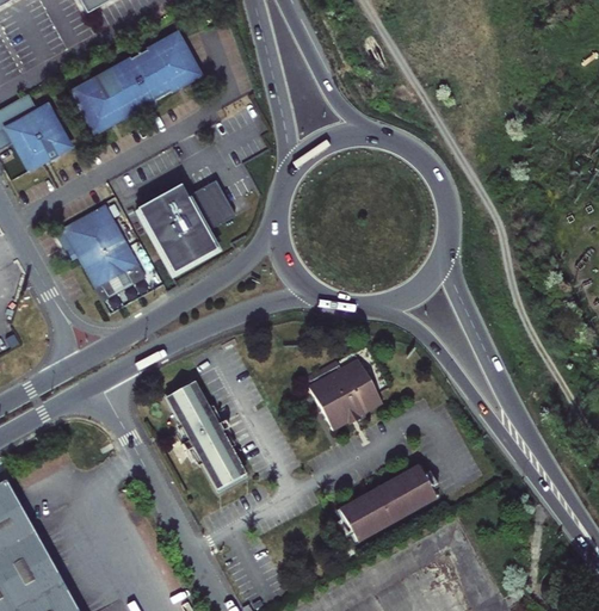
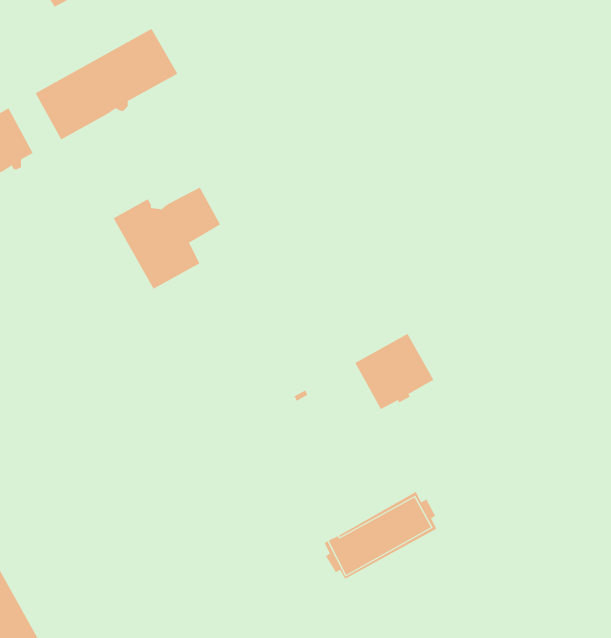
building: [63,208,143,300] -> none
building: [307,354,379,425] -> [355,333,434,410]
building: [161,377,247,492] -> none

